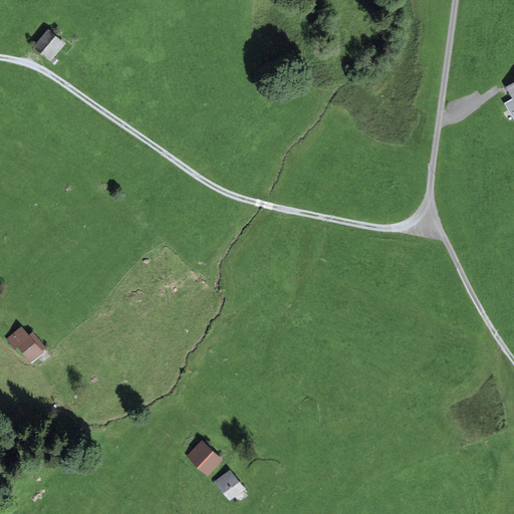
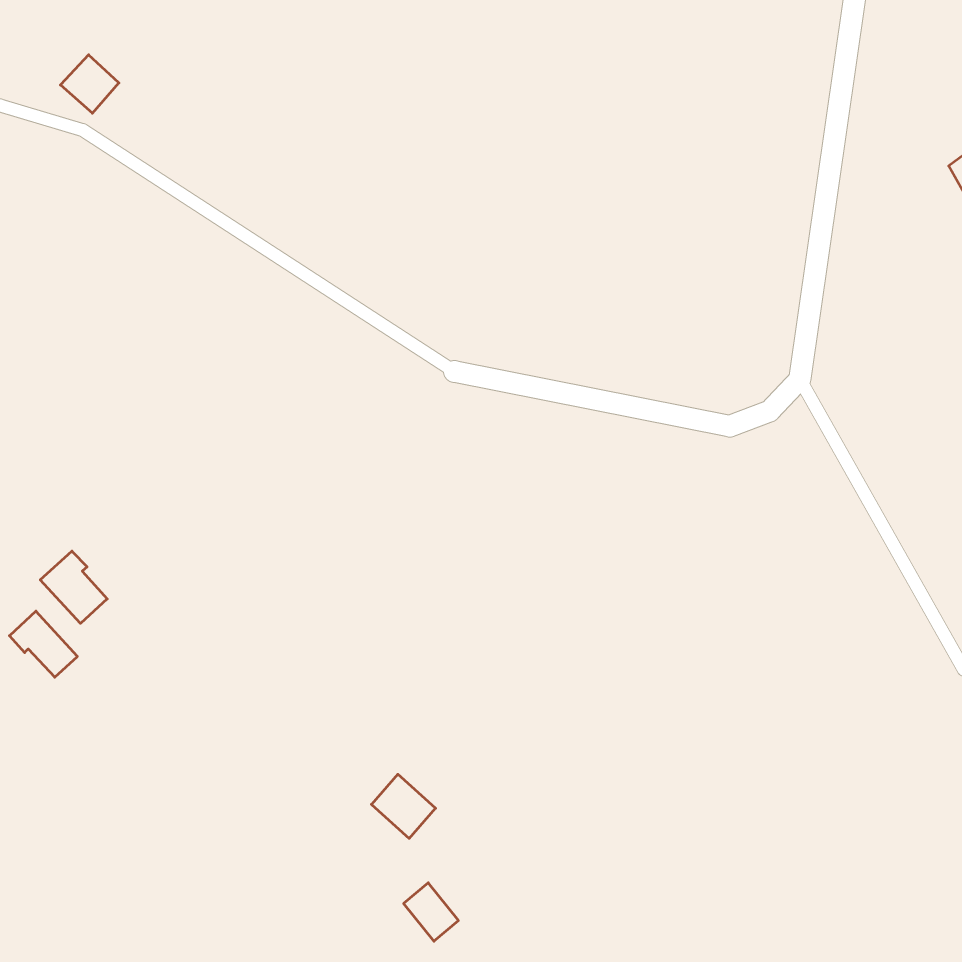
building: none -> [40,551,107,623]
building: [188,441,222,475] -> [371,774,436,838]

